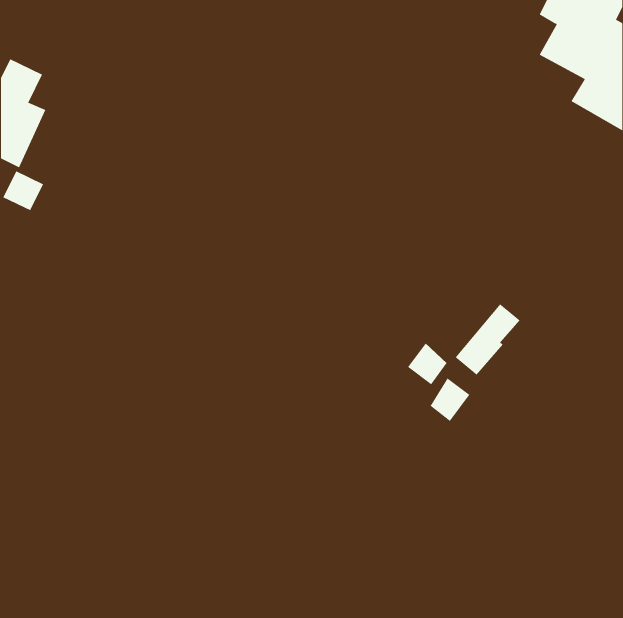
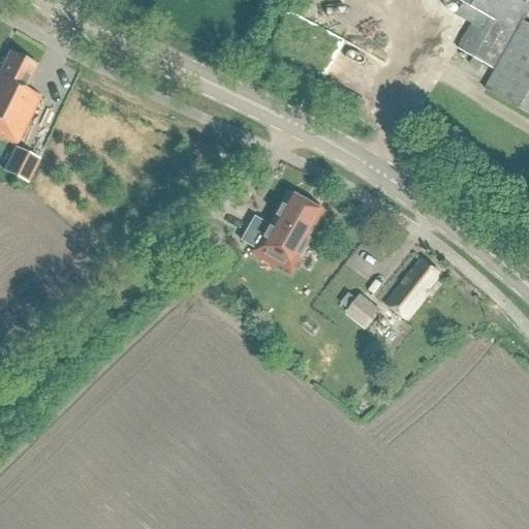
building: none -> [240,190,321,272]
building: [430,378,470,422] -> none

